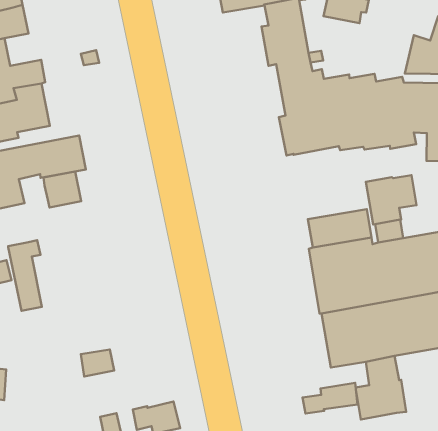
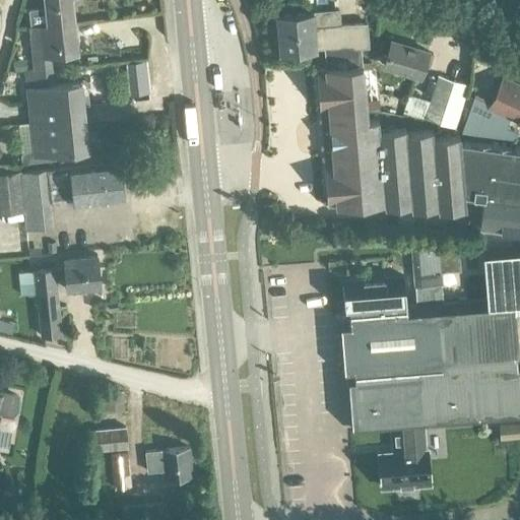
building: none -> [424,78,468,133]
building: [44,171,81,207] -> [64,259,101,294]
building: [81,349,114,377] -> [95,430,128,455]
building: [303,383,357,414] -> none

